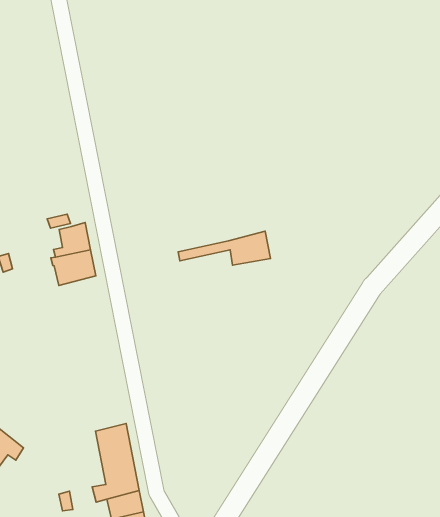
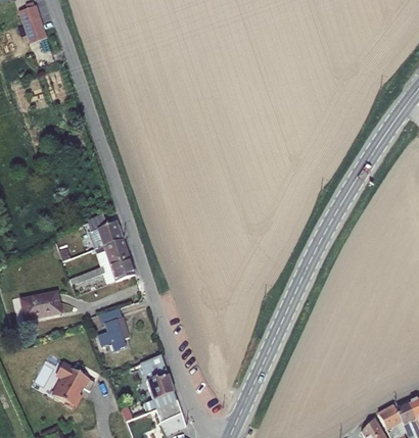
building: [178,231,270,265] -> [68,255,133,284]
building: none -> [97,308,129,351]

